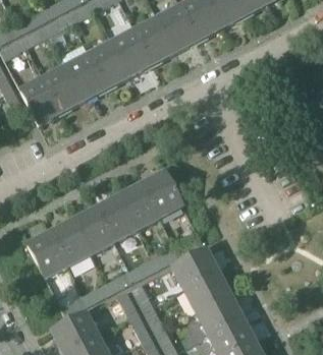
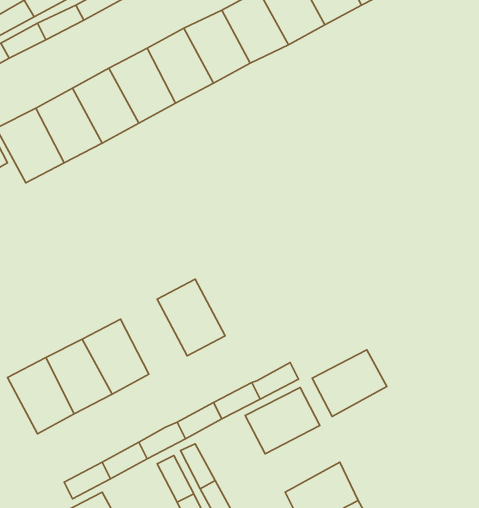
building: [142,171,182,218] -> none
building: [96,195,137,241] -> none
building: [184,273,230,313] -> [312,350,387,416]

